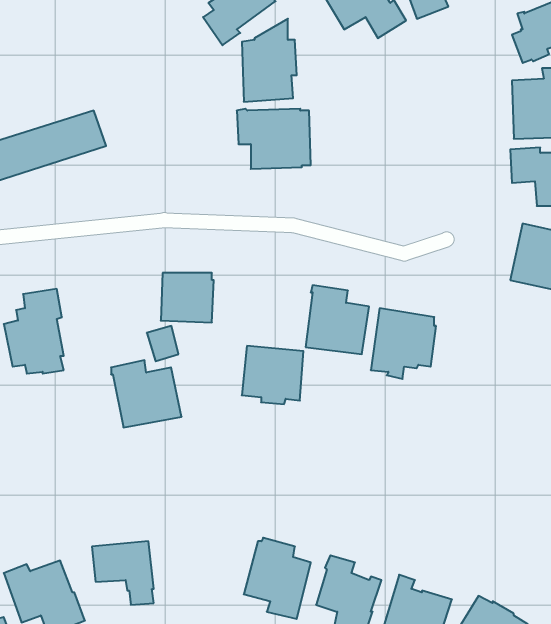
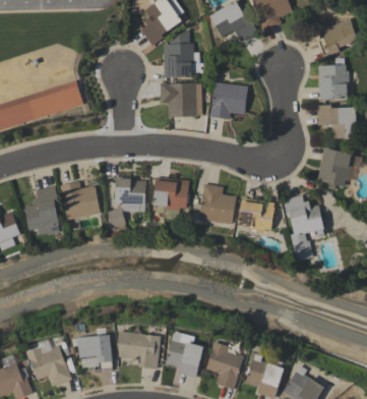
building: none -> [209,82,248,119]
building: none -> [283,194,324,262]
building: [242,346,303,404] -> [154,177,189,211]
building: [111,360,182,427] -> [61,181,102,220]
building: none -> [117,329,160,367]

